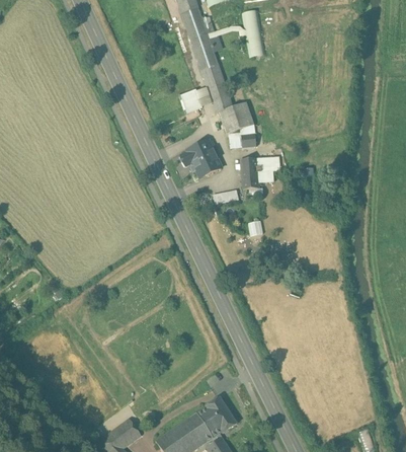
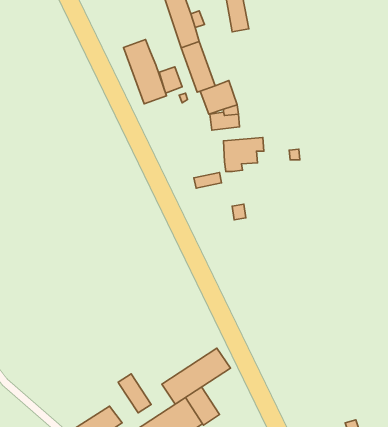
building: none -> [124,40,166,104]
building: [179,141,221,178] -> none
building: none -> [162,348,230,404]
building: none -> [118,374,151,413]

